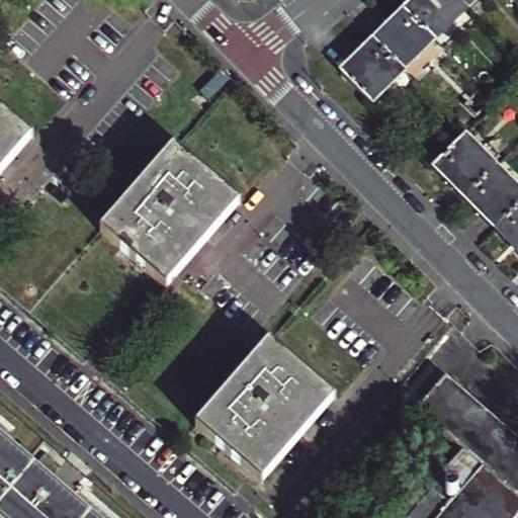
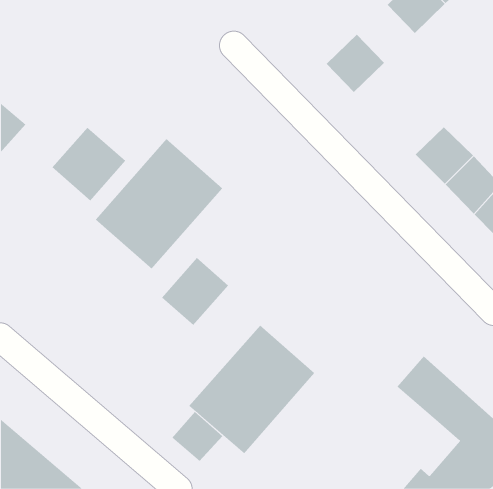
building: [374,5,435,66] -> none
building: none -> [52,127,126,201]
building: none -> [161,257,229,326]
building: none -> [171,411,223,462]

